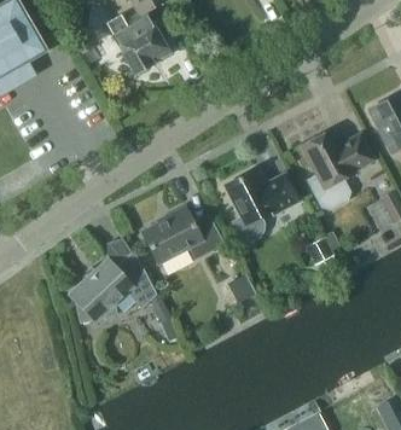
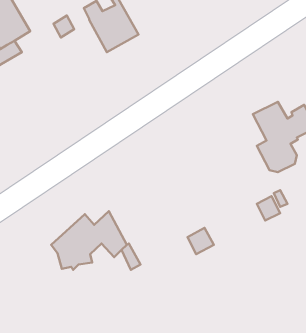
building: [225,170,300,239] -> none
building: [141,205,223,263] -> none

